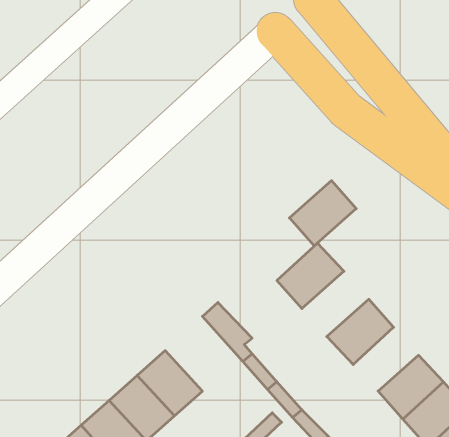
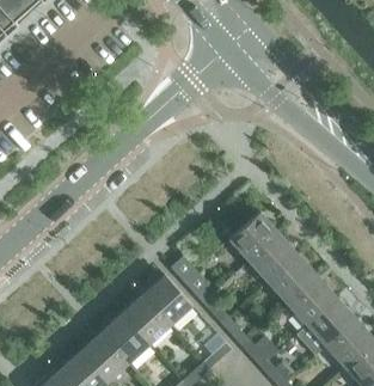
building: [289,181,356,246] -> [247,233,299,283]
building: none -> [142,274,192,325]
building: none -> [287,276,337,325]

